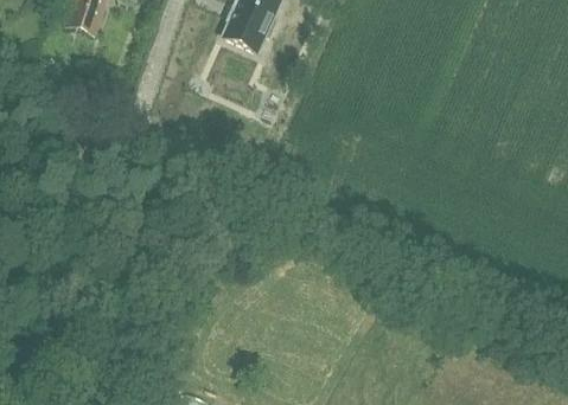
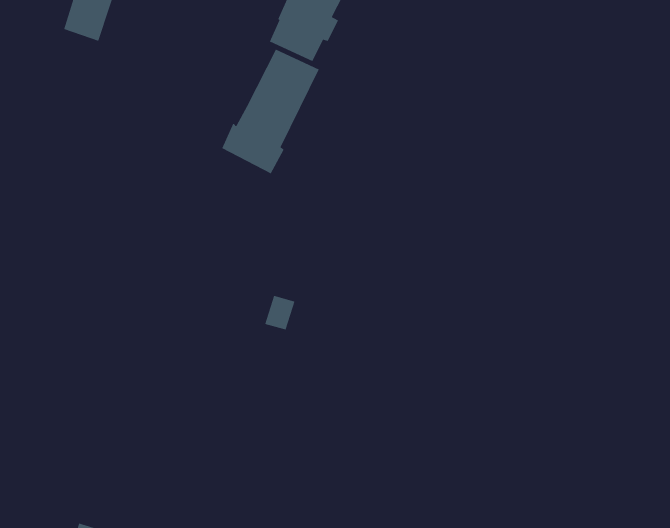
building: none -> [221,49,320,174]

